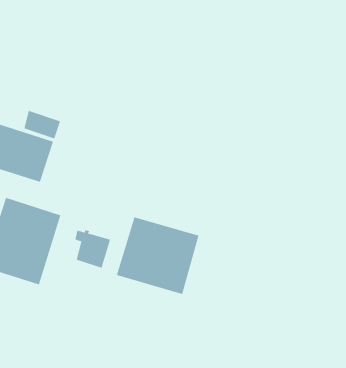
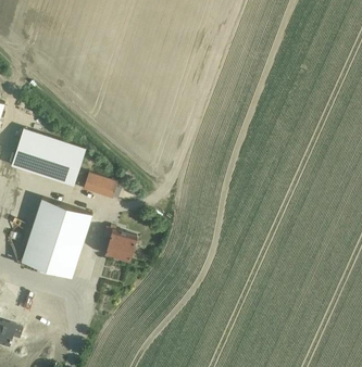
building: [23,110,61,139] -> [83,174,116,200]
building: [116,216,199,295] -> none

